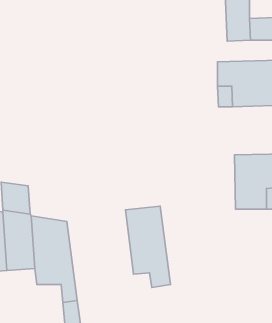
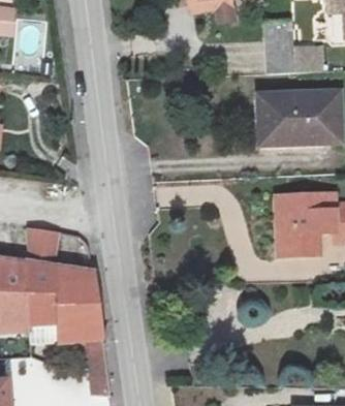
building: [126,206,171,287] -> none

